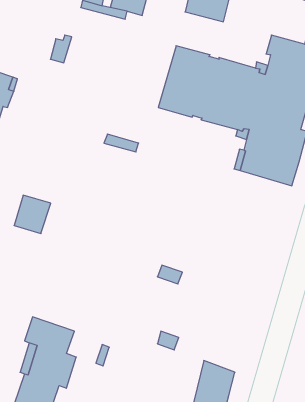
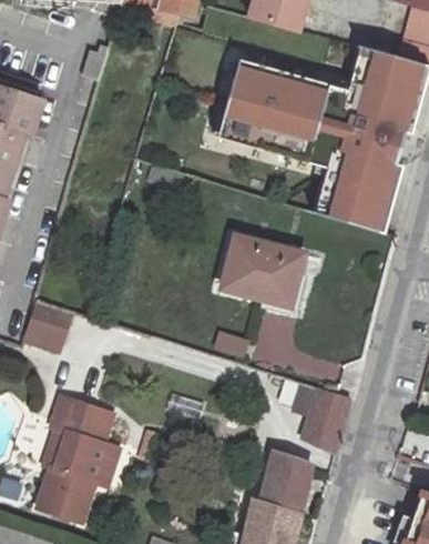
building: none -> [223,235,305,306]
building: [14,195,51,234] -> [27,301,72,349]
building: none -> [304,389,349,452]

